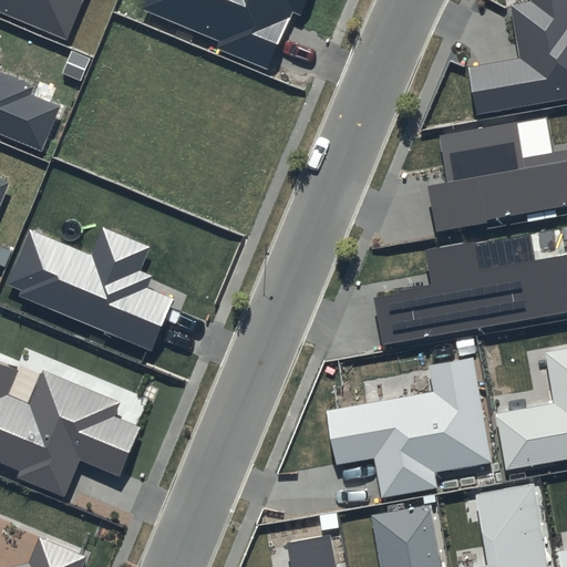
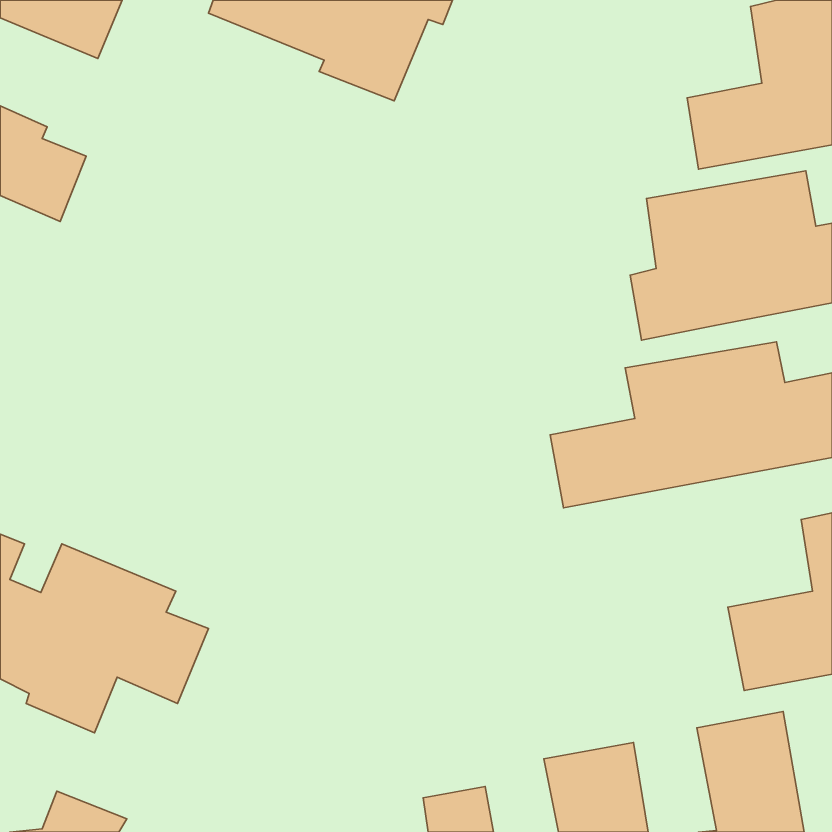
building: [7,228,174,352] -> none
building: [326,357,492,496] -> none

